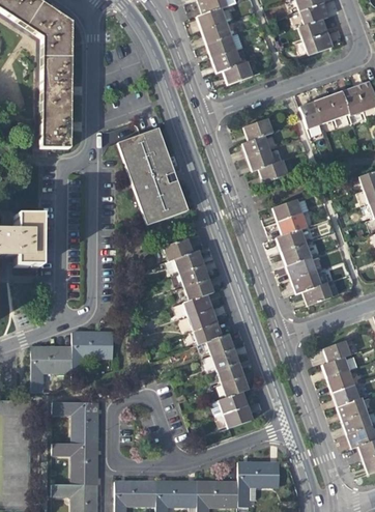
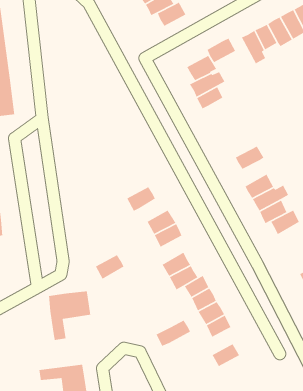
building: [119,129,189,224] -> none
building: [259,161,288,183] -> [206,38,236,63]
building: [272,199,301,223] -> none
building: [278,230,307,253] -> none
building: [168,250,204,273] -> none
building: [184,294,213,317] -> [95,254,124,280]
building: [31,346,73,392] -> none
building: [212,392,248,416] -> [156,319,191,347]

